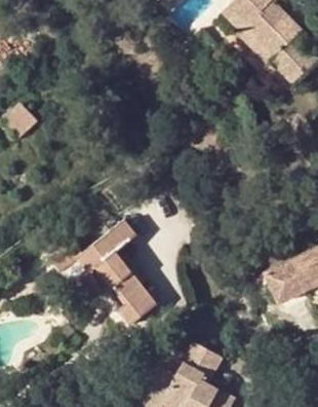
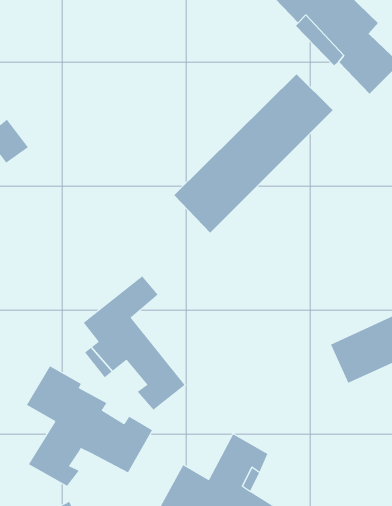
building: none -> [174,73,334,233]
building: none -> [26,366,153,487]

